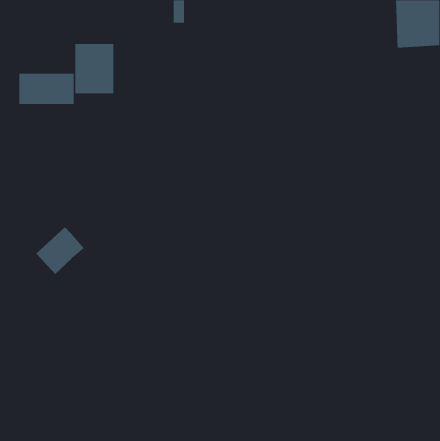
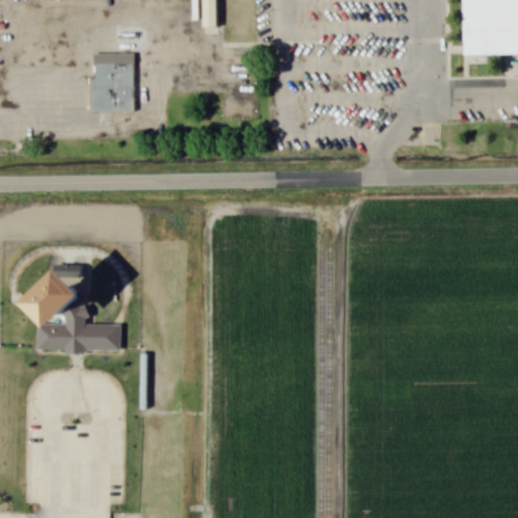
building: [19,73,74,105] -> none
building: none -> [37,303,119,349]

